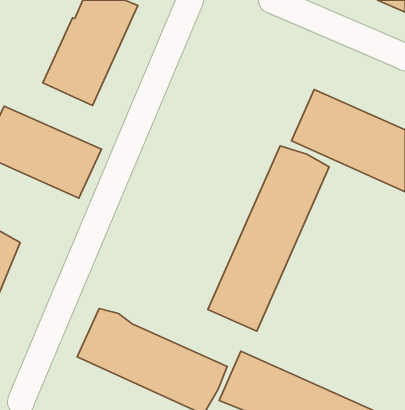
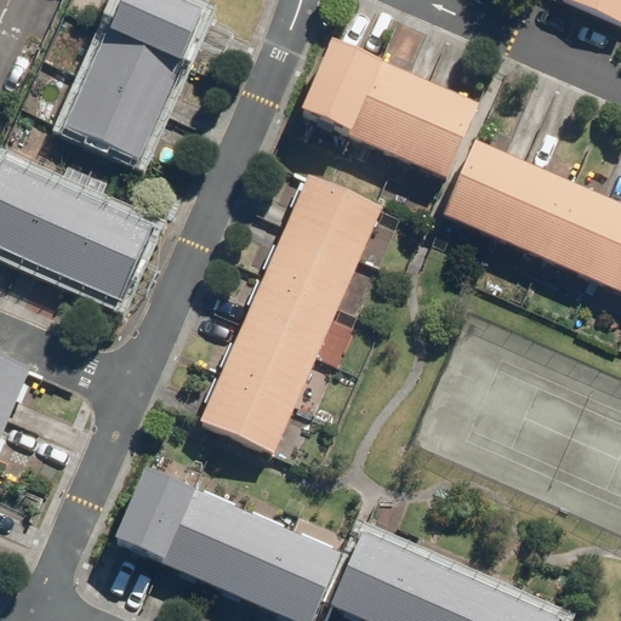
building: none -> [291,35,466,175]
building: [208,146,329,331] -> [200,176,383,455]

